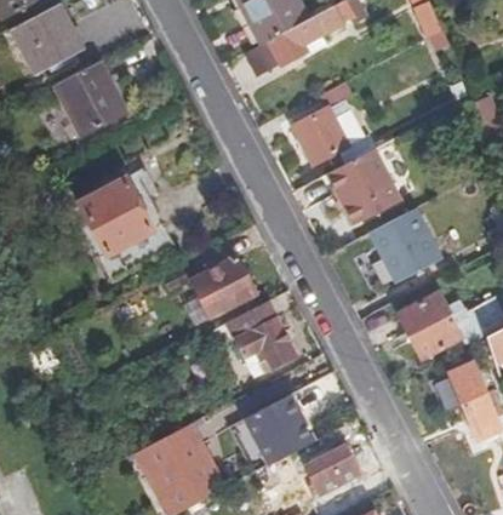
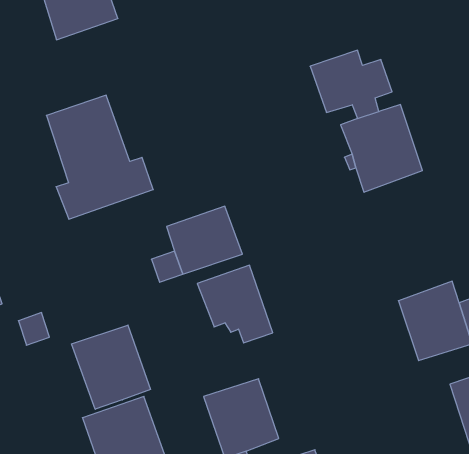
building: [368,208,440,280] -> none
building: none -> [72,325,150,409]

